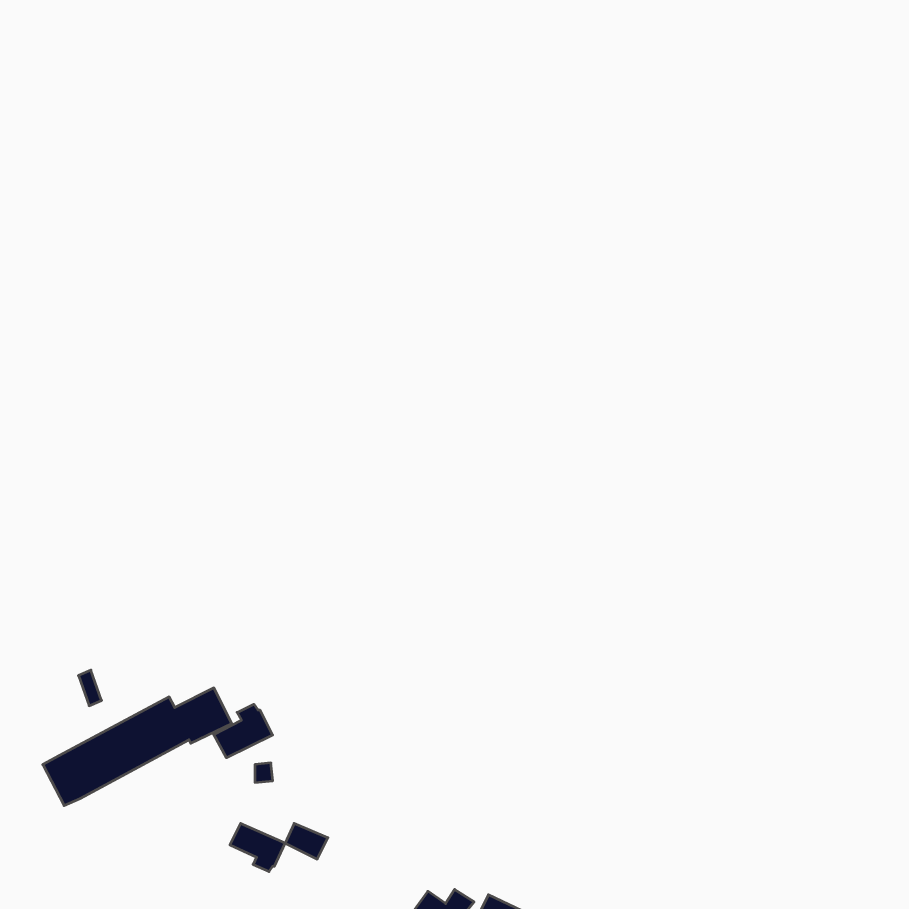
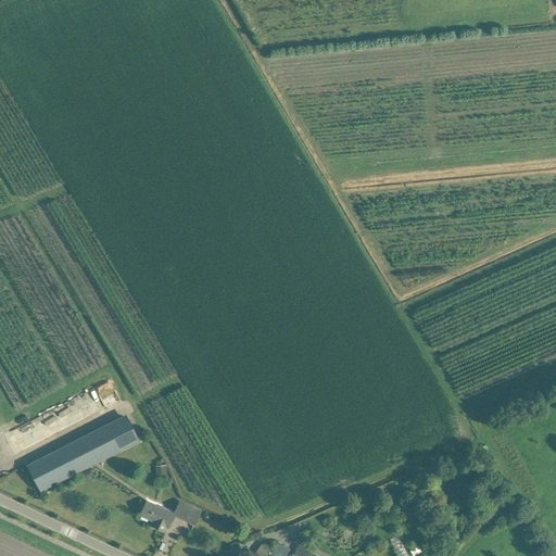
building: [214,704,273,758] -> none

